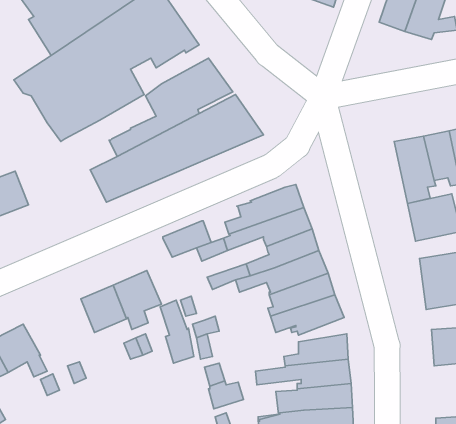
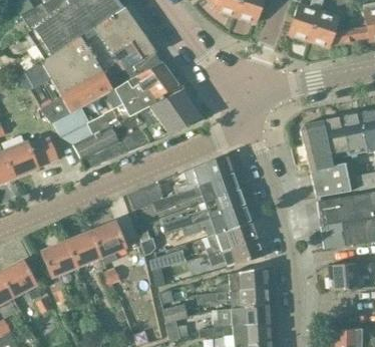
building: none -> [55,107,94,144]
building: none -> [18,137,58,170]
building: none -> [41,241,77,276]

